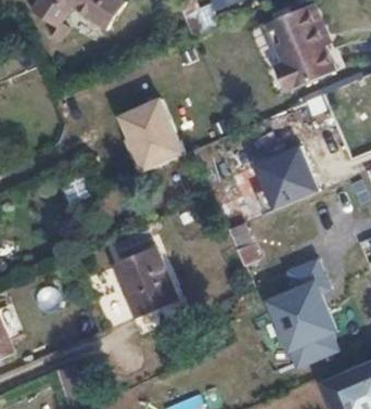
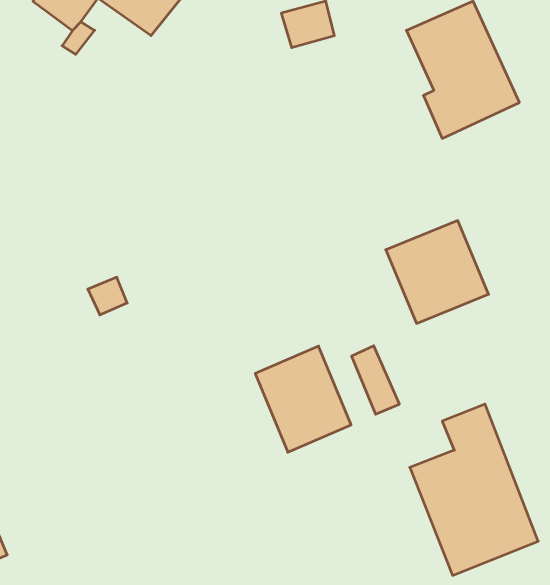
building: [114,97,181,170] -> none
building: [117,247,178,315] -> [255,346,351,452]

